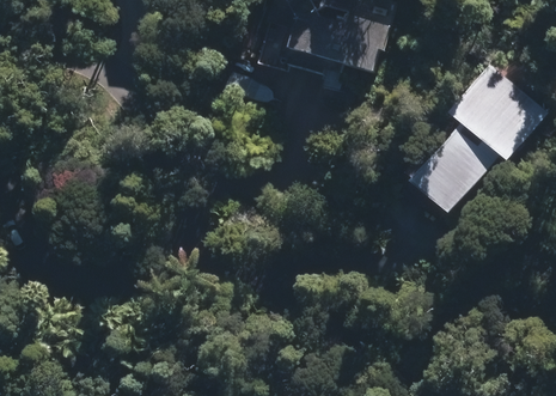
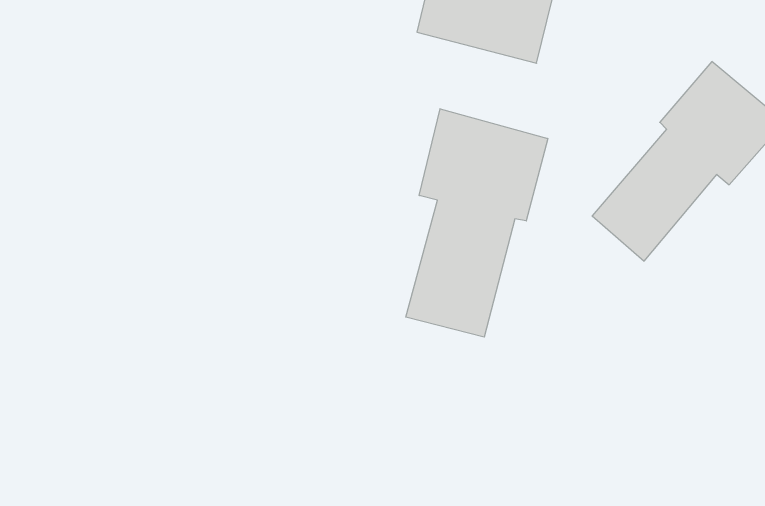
building: none -> [406,109,548,337]

